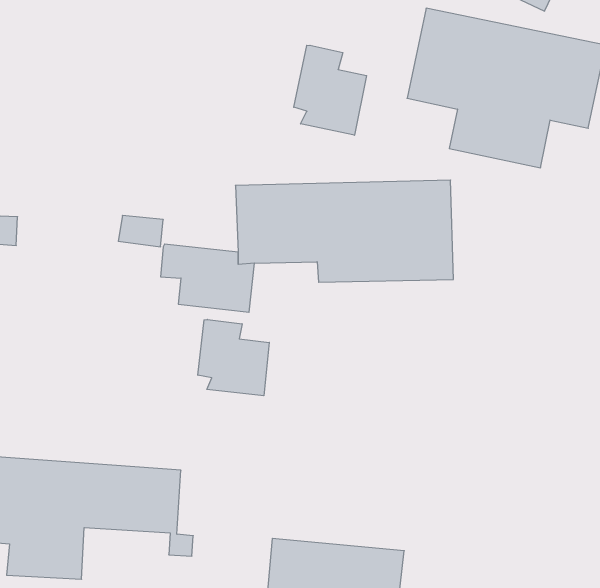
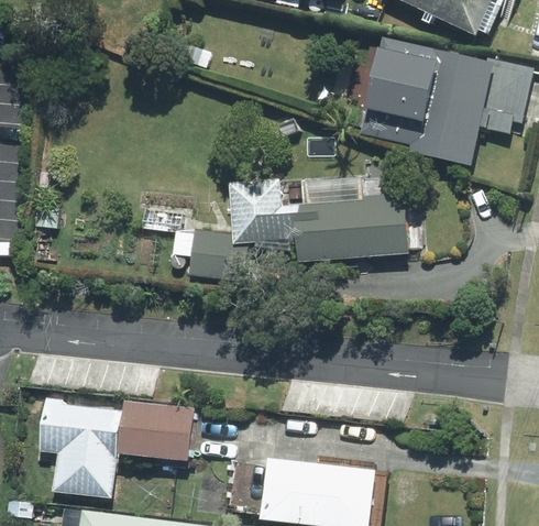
building: [294,45,367,135] -> none
building: [198,319,269,396] -> none

